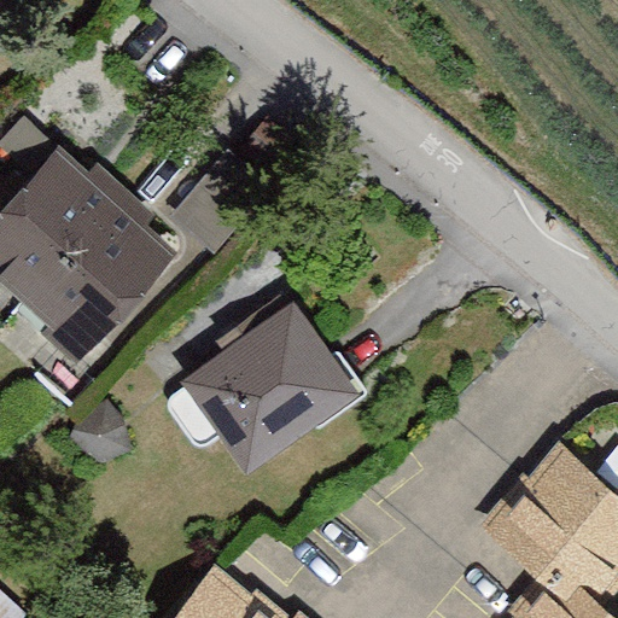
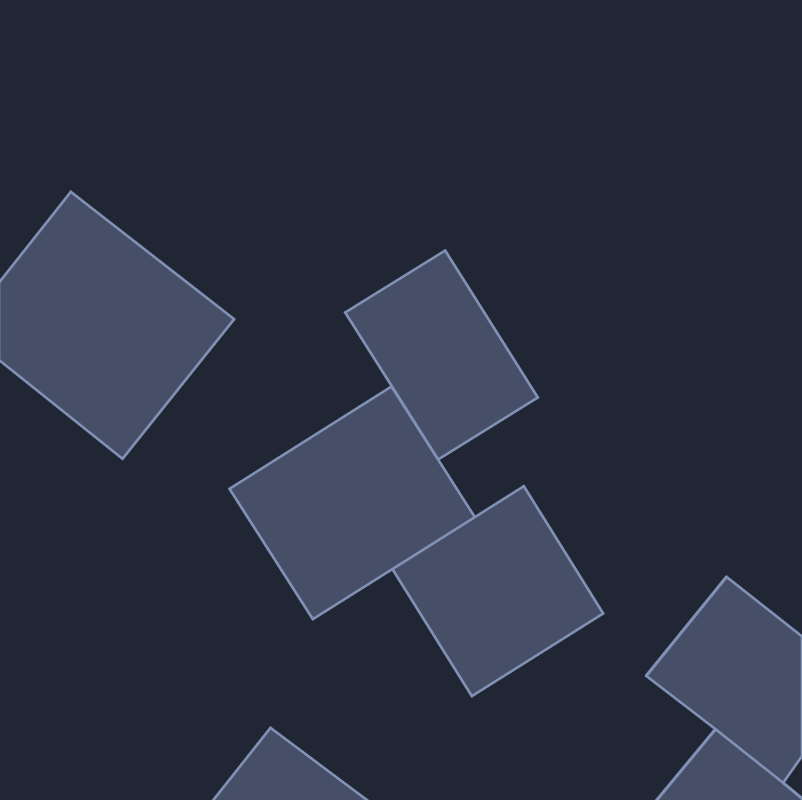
building: none -> [345,250,538,459]
building: none -> [392,486,603,696]

